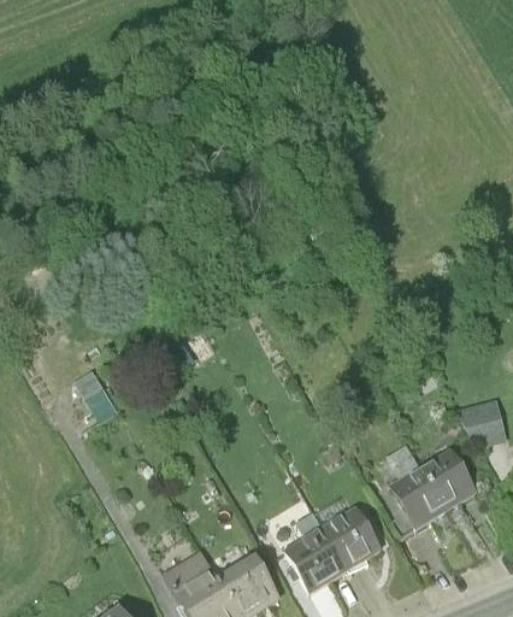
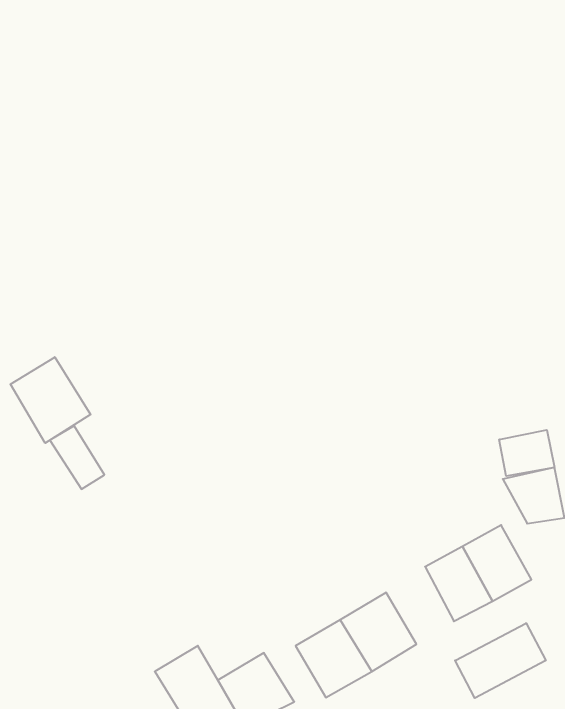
building: none -> [10,357,91,443]
building: none -> [499,430,554,476]
building: none -> [455,623,546,698]

